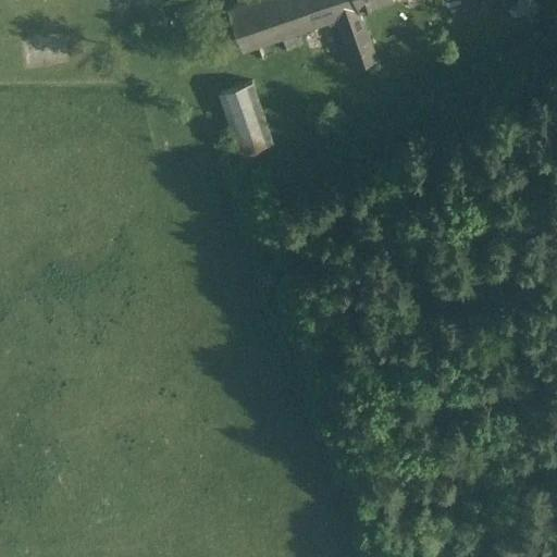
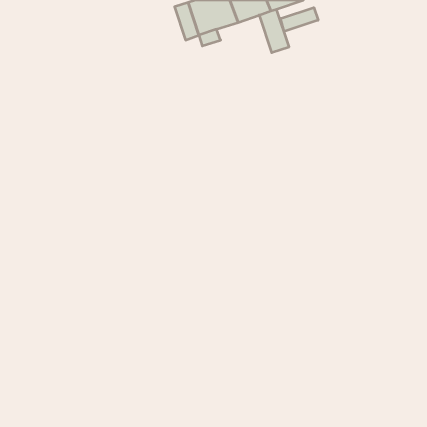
building: none -> [280,8,318,32]
building: [219,84,271,154] -> none

